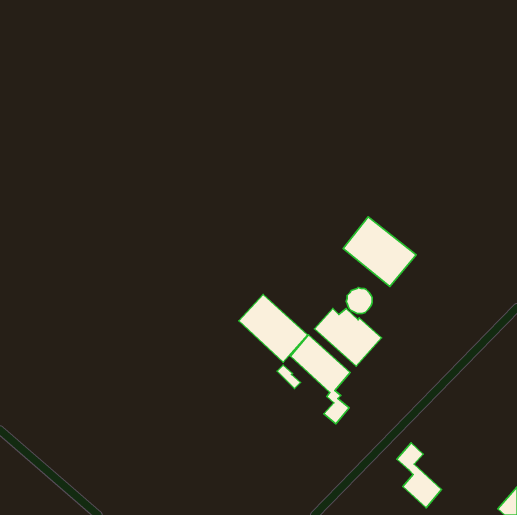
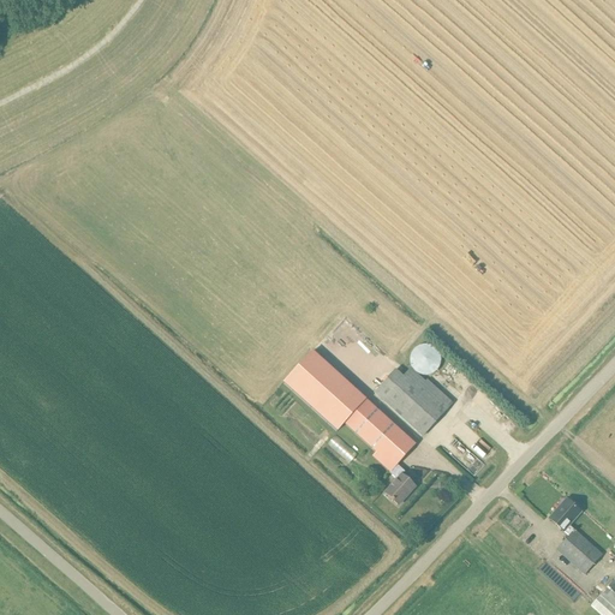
building: [343,217,416,287] -> none
building: [397,443,441,508] -> [549,497,602,574]

